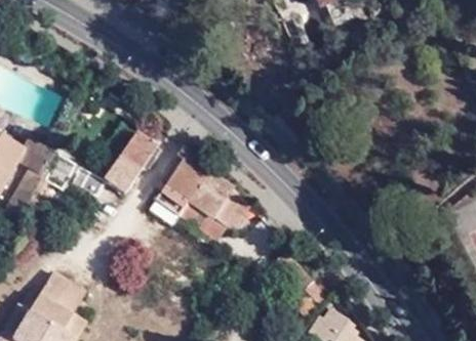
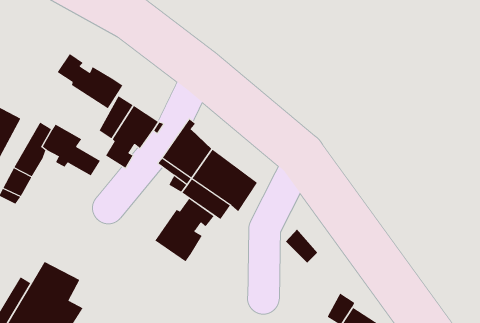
building: none -> [57,53,123,109]
building: none -> [154,198,214,262]

